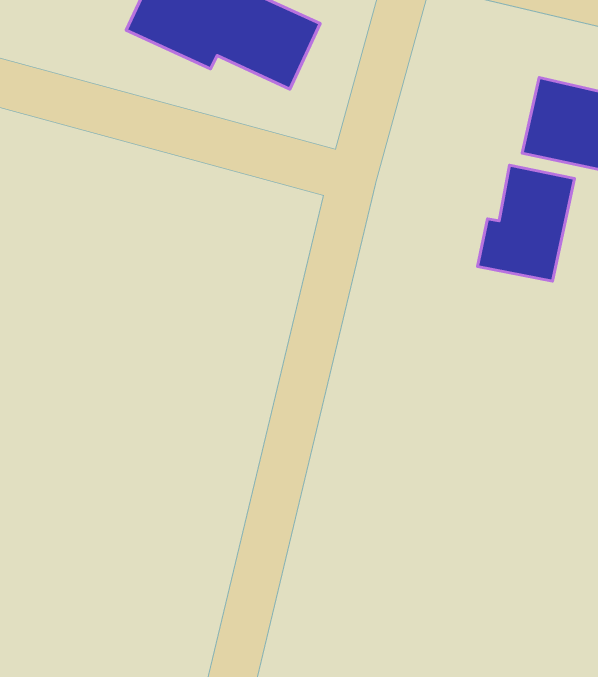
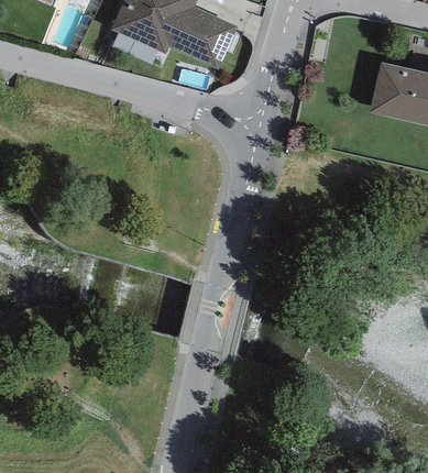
building: [478,165,574,281] -> none

